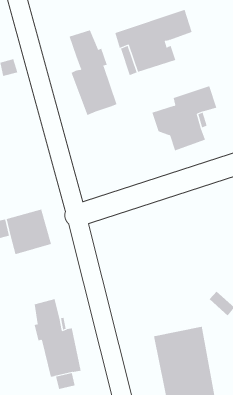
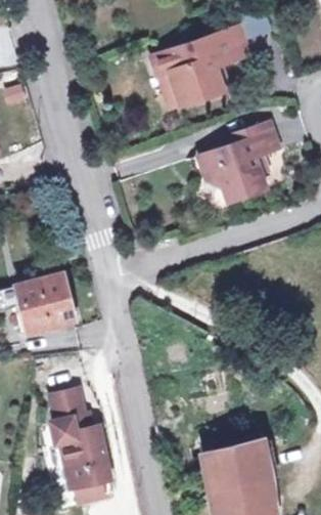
building: [69,29,117,116] -> none

